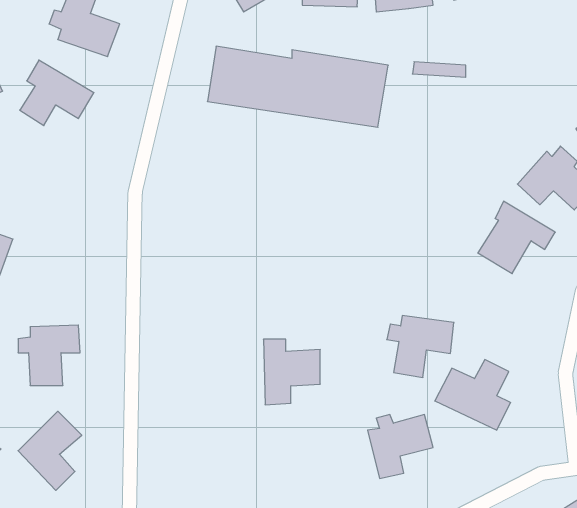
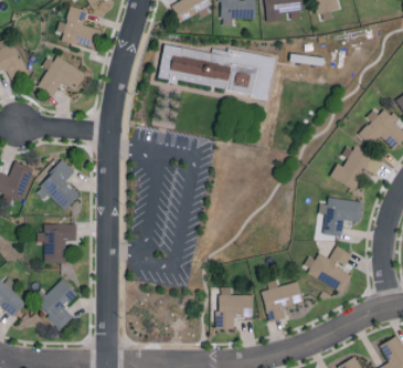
building: none -> [36,160,78,211]
building: [387,316,454,377] -> [318,197,361,236]
building: [263,339,320,405] -> [216,287,253,329]

